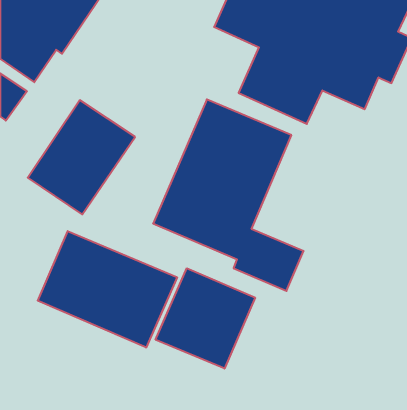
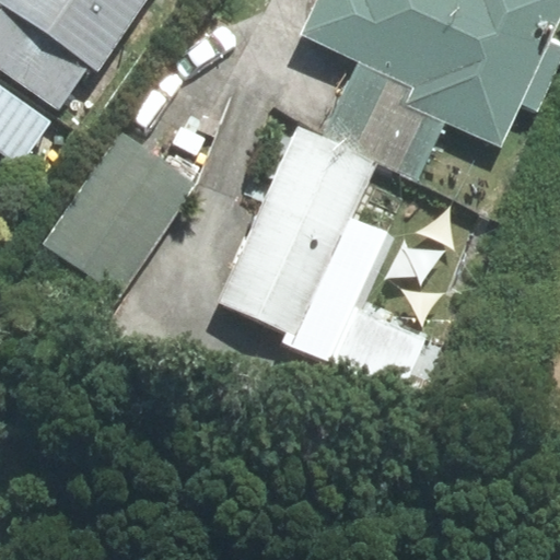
building: [38,231,177,348] -> none
building: [156,268,255,369] -> none

